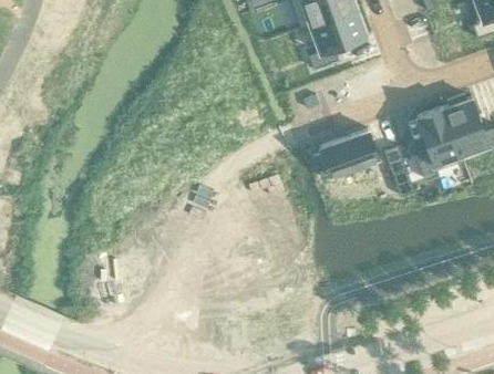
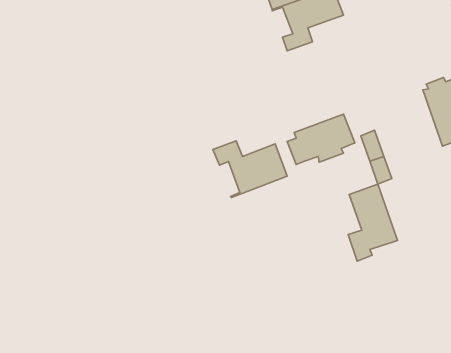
building: [414,105,462,179] -> [348,184,398,261]
building: none -> [213,141,287,198]

